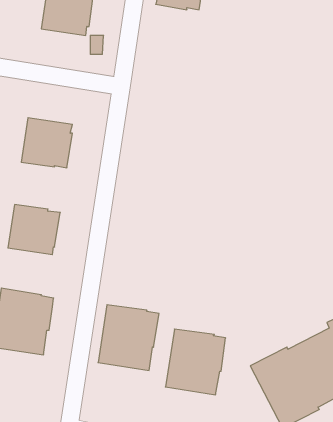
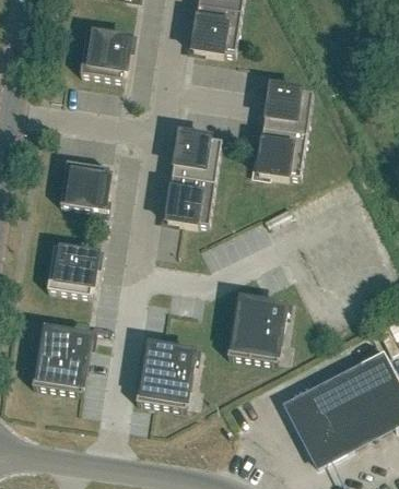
building: none -> [257,84,312,176]
building: none -> [166,131,221,224]
building: [165,329,226,395] -> [226,297,285,361]

